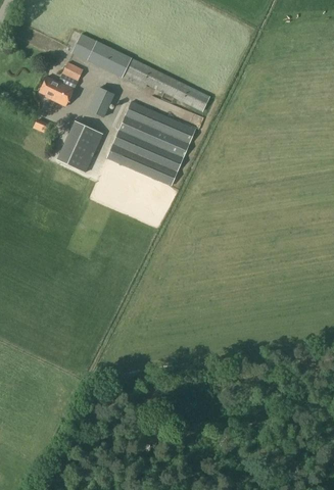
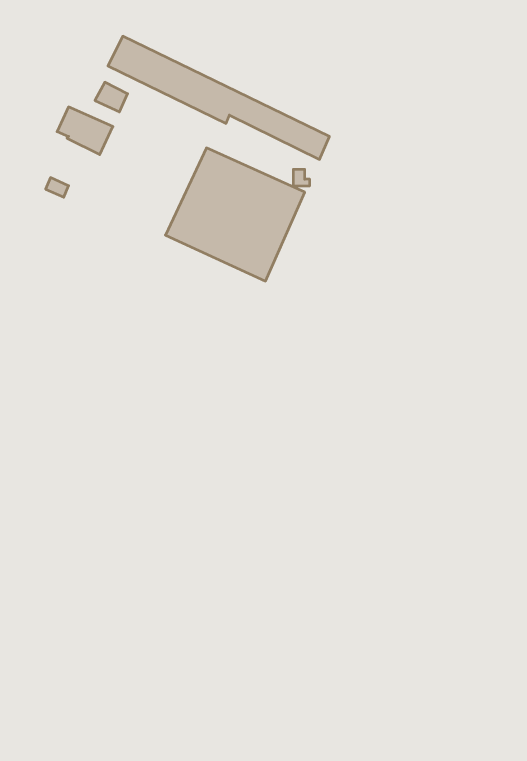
building: [89,87,115,117] -> none
building: [57,120,102,172] -> none

